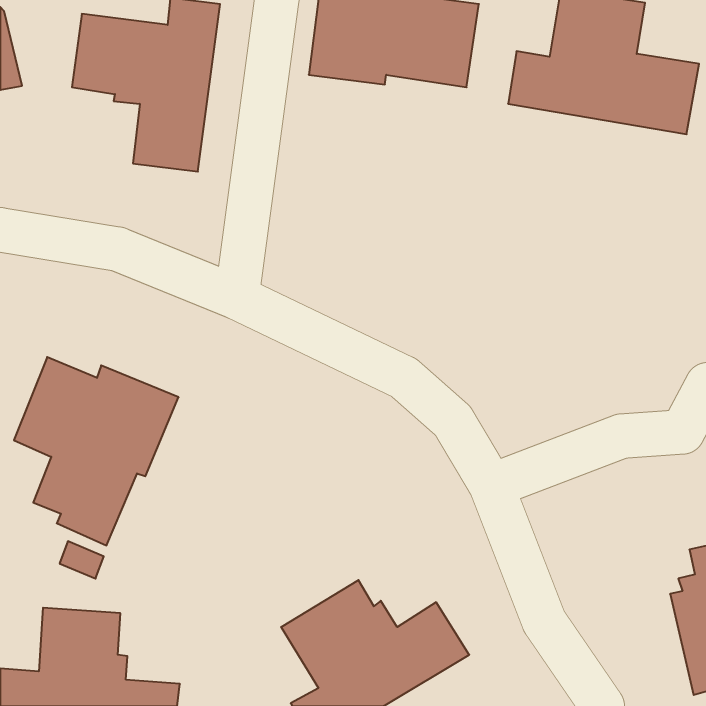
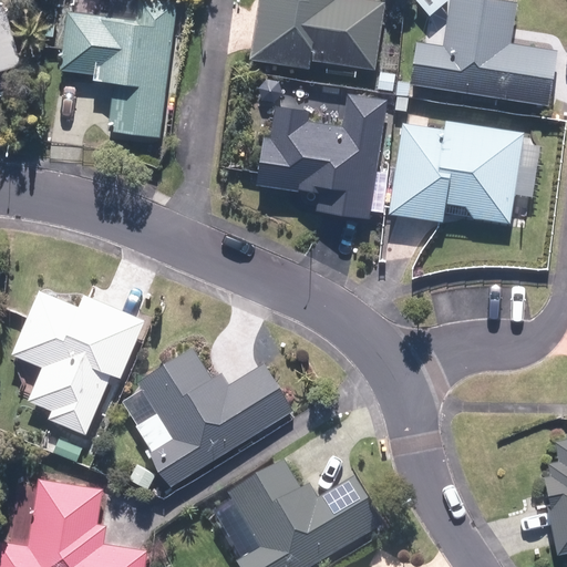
building: none -> [256,94,386,217]
building: none -> [388,120,524,224]
building: none -> [120,348,287,486]

